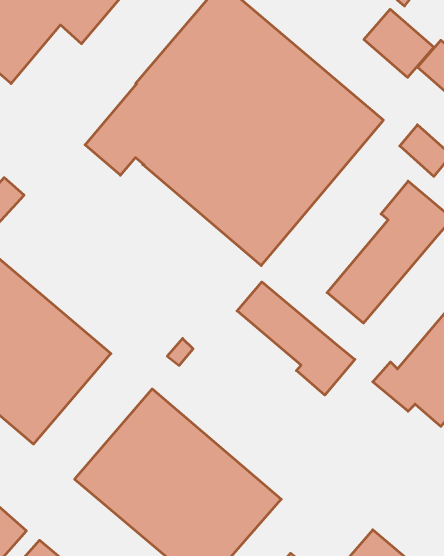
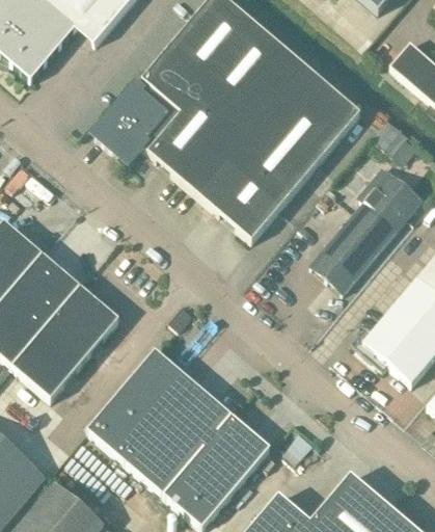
building: [364,9,434,77] -> none
building: [237,282,355,395] -> none

